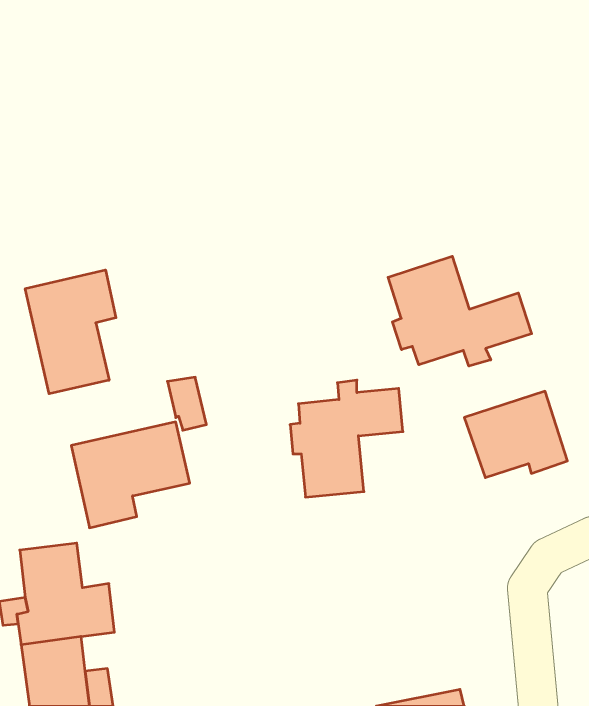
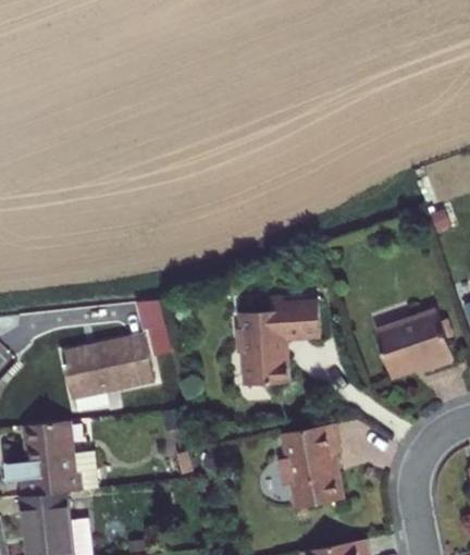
building: [388,256,532,366] -> none
building: [25,270,116,394] -> none
building: none -> [274,424,342,510]

